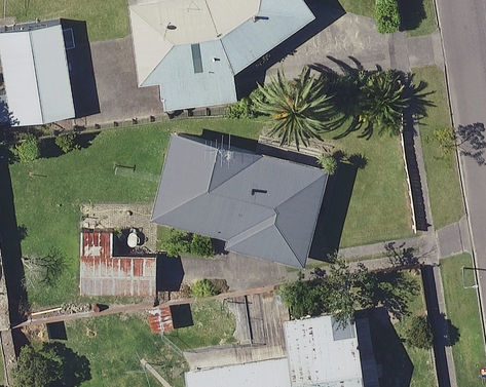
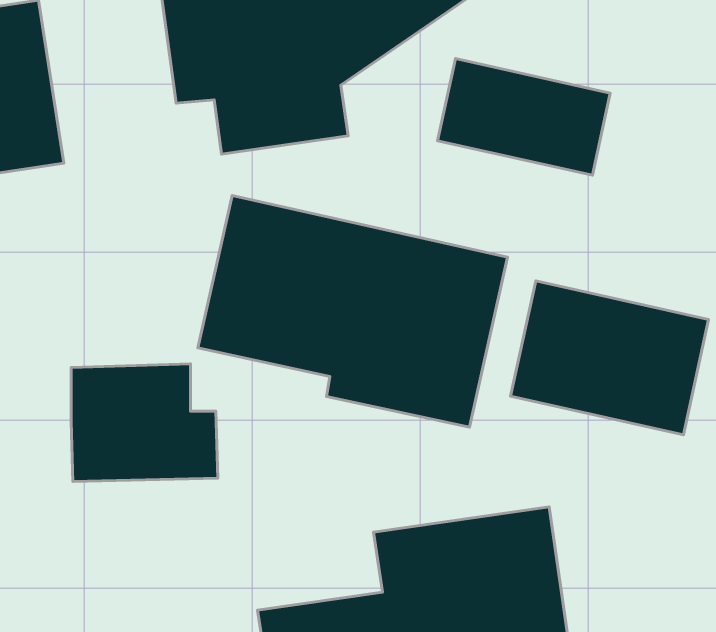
building: none -> [438,59,610,175]
building: none -> [511,281,709,435]

